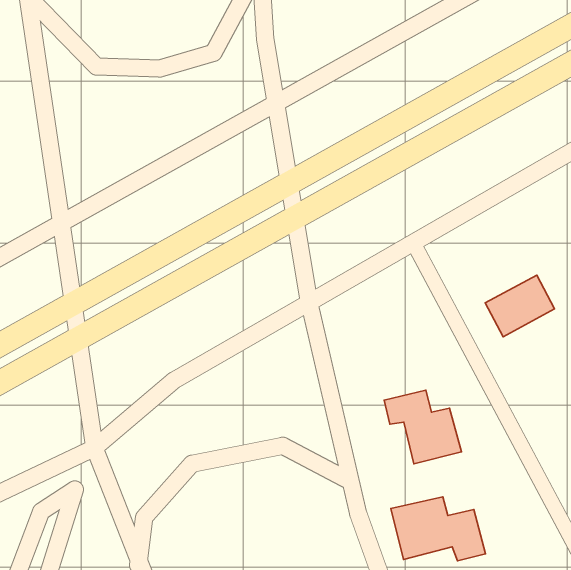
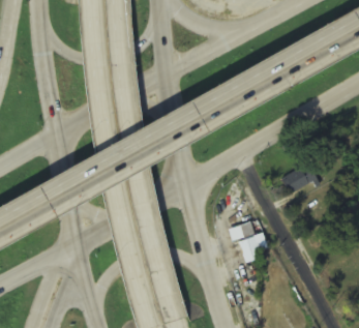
building: [391,497,486,561] -> none

